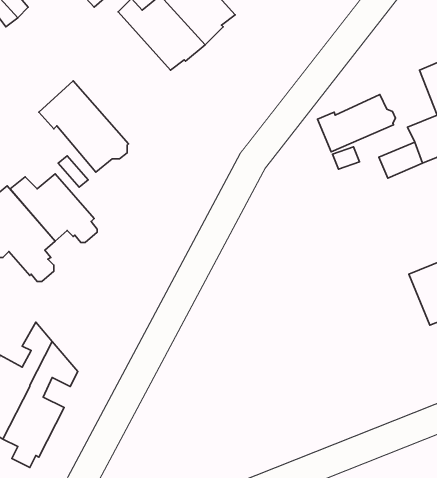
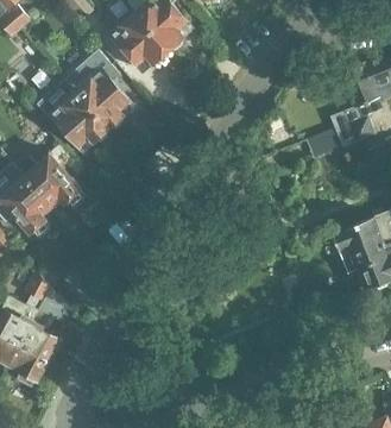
building: none -> [64,51,134,130]
building: [317,95,396,152] -> none

